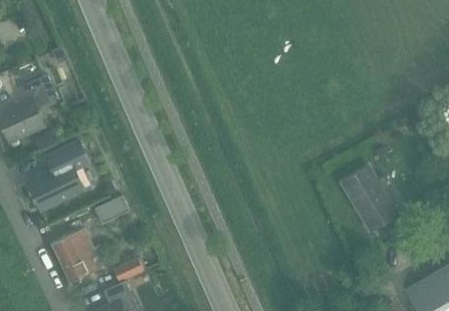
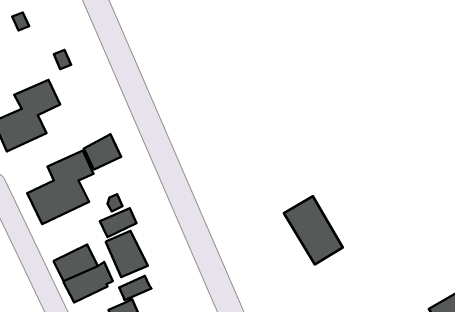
building: none -> [84,134,121,170]
building: [342,167,397,231] -> [284,196,343,265]
building: none -> [106,231,148,277]

